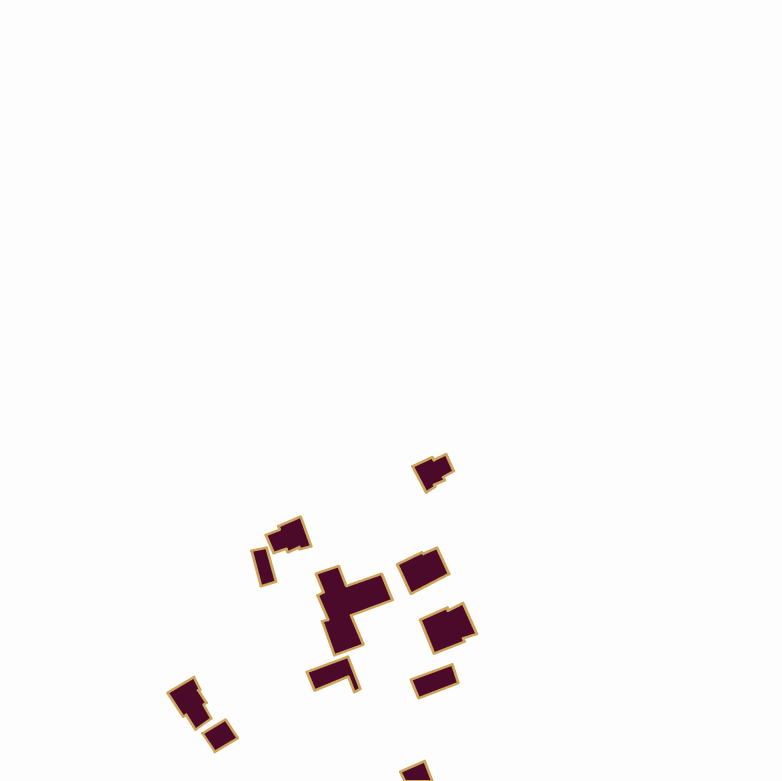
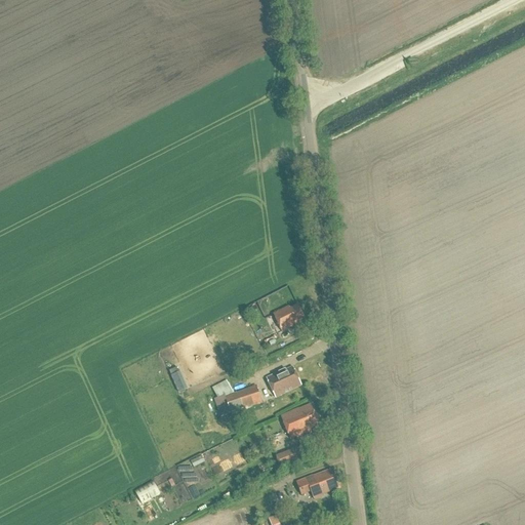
building: [266,517,311,553] -> none
building: [168,677,211,730] -> none
building: none -> [295,466,337,495]

